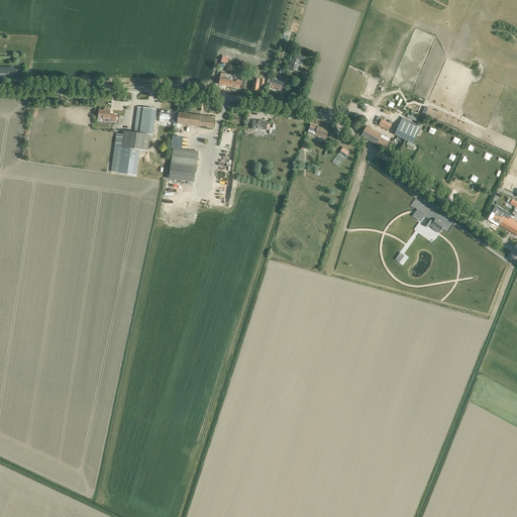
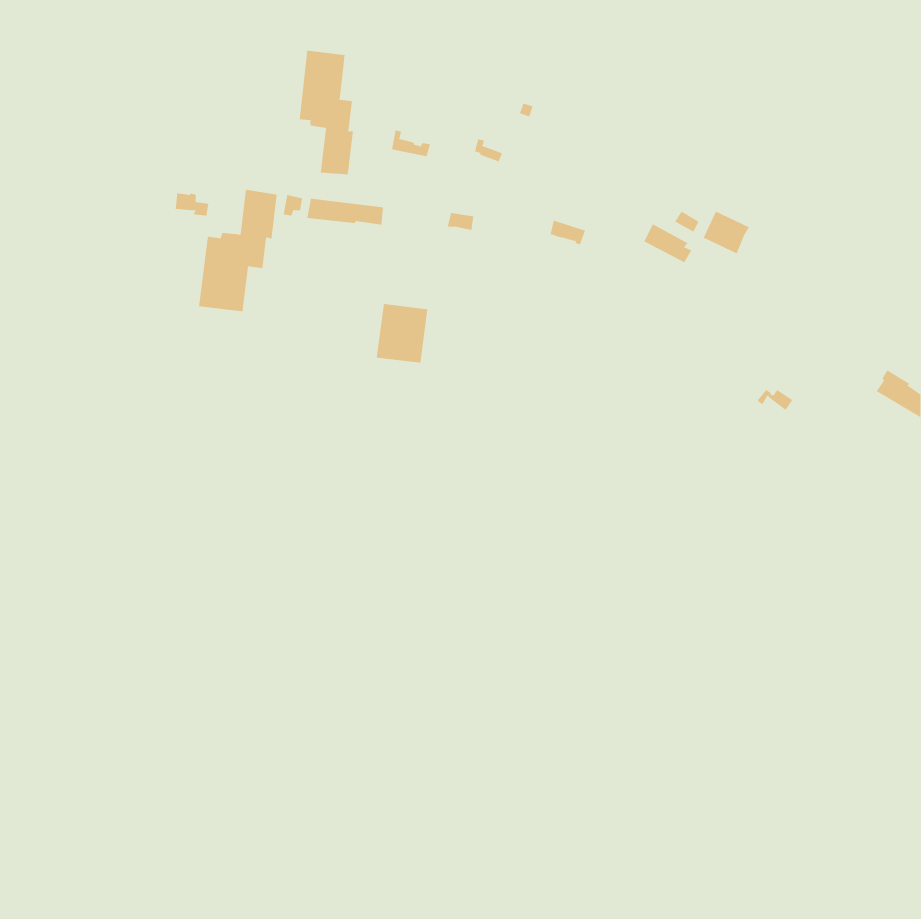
building: none -> [299,50,354,175]
building: [169,147,198,181] -> [376,304,428,363]

